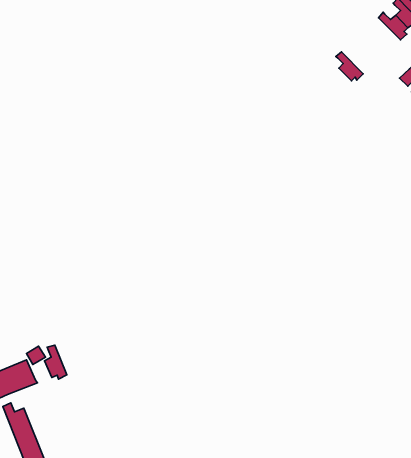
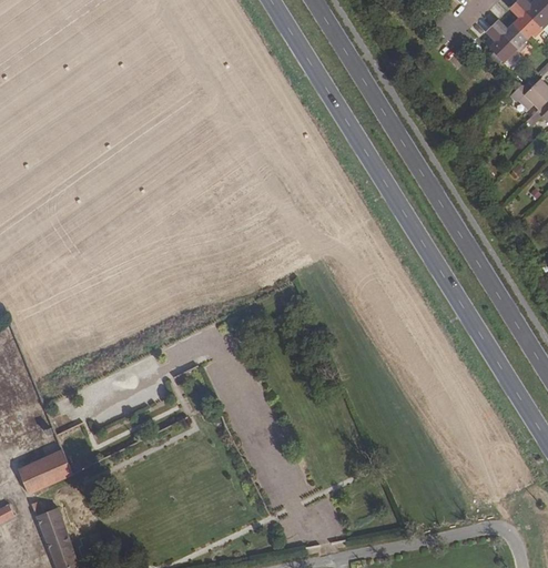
building: [336,52,363,81] -> [483,29,516,64]
building: [44,345,67,379] -> none

